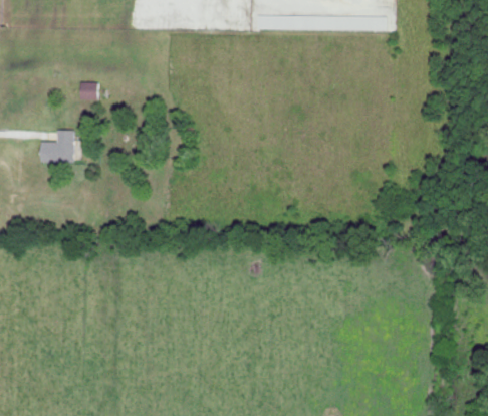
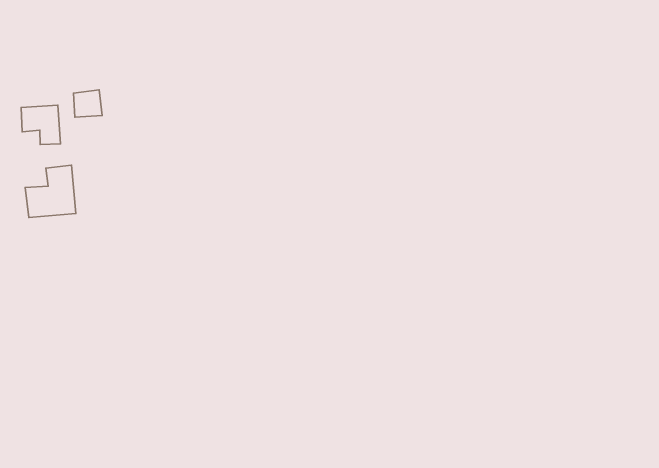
building: none -> [21,105,60,145]

